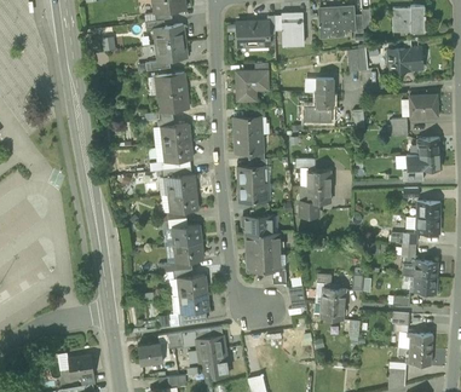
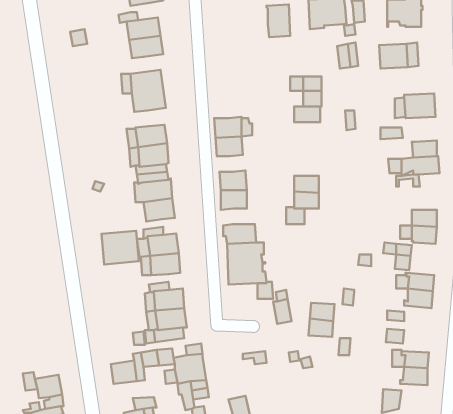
building: [238,21,269,47] -> none
building: [236,70,267,100] -> none
building: none -> [102,231,139,264]

